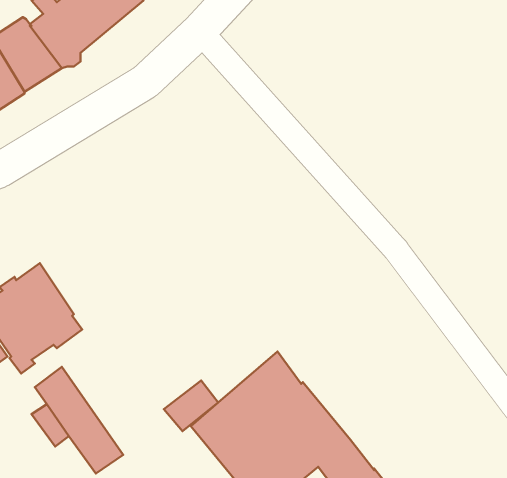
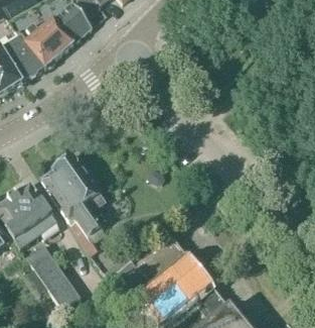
building: none -> [39,151,105,240]

